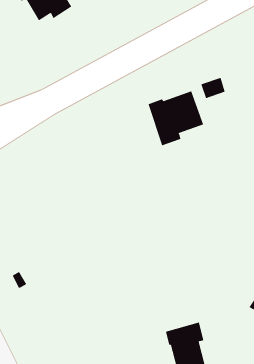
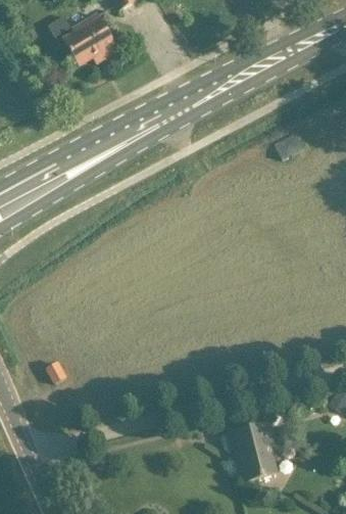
building: [148,90,204,146] -> none

